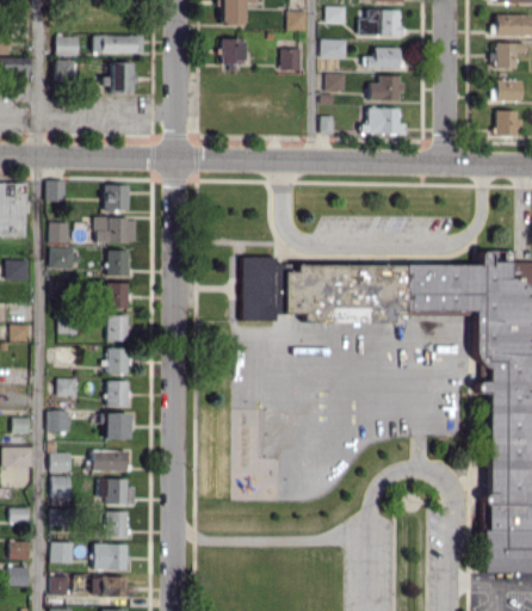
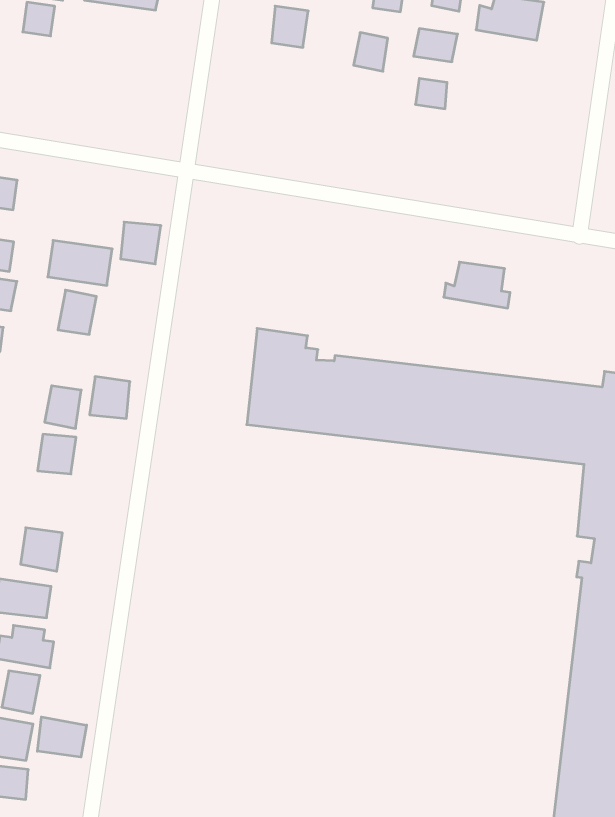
building: [366,48,401,68] -> none
building: [111,63,135,93] -> none
building: [370,75,402,100] -> none
building: [361,107,406,134] -> [444,262,510,308]
building: [104,184,129,210] -> [121,222,161,264]
building: [104,283,129,309] -> [90,377,130,418]
building: [107,379,130,406] -> none
building: none -> [37,717,87,757]

